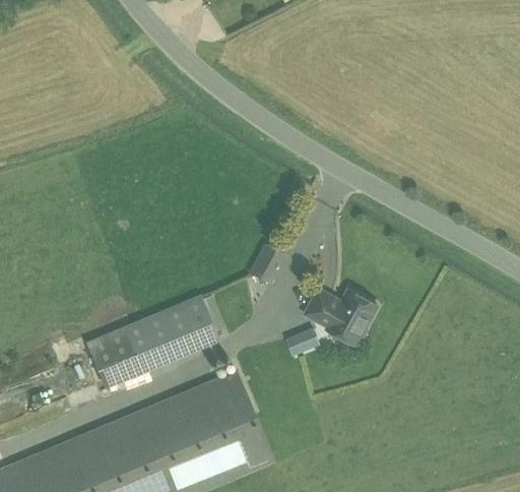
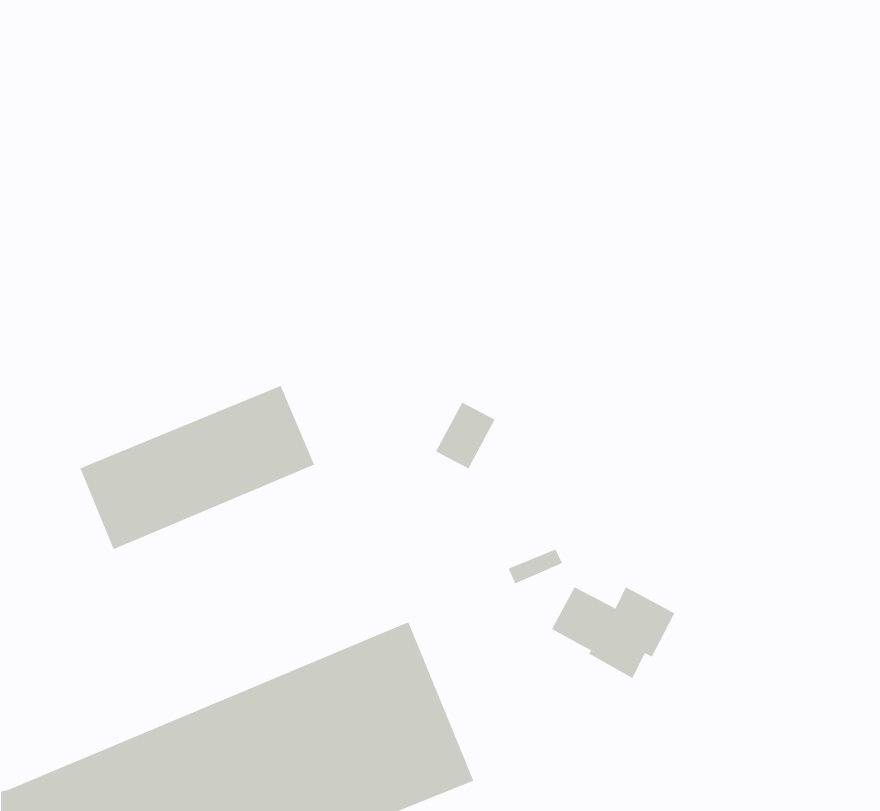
building: [306,290,377,343] -> [551,587,675,679]
building: [84,295,219,389] -> [79,385,315,550]

